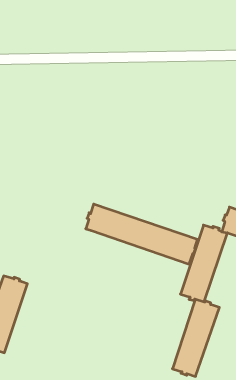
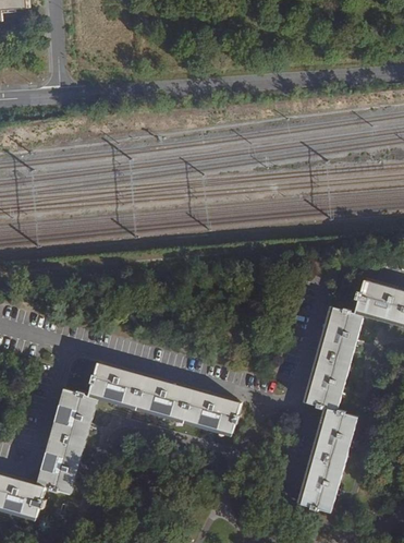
building: [86,204,198,264] -> [89,362,241,436]

